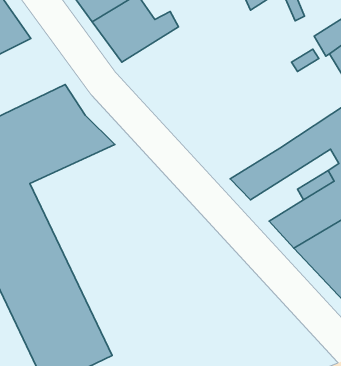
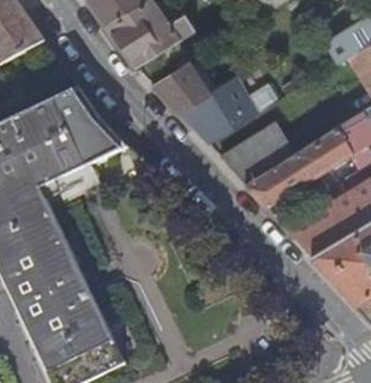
building: none -> [150,58,281,142]
building: none -> [217,119,295,182]

